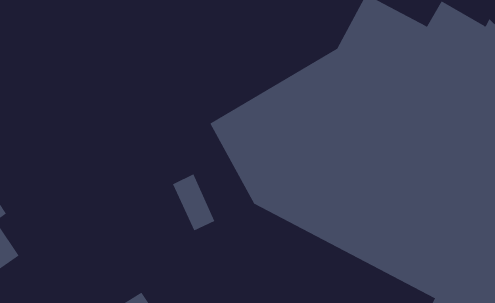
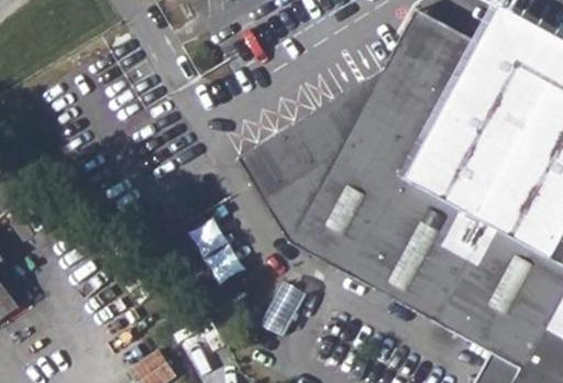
building: none -> [266,274,310,328]

